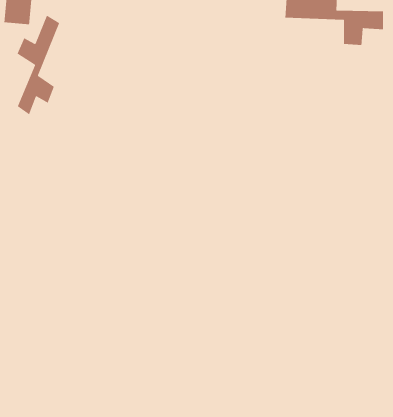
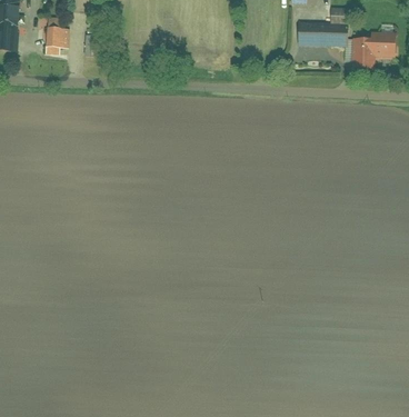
building: [17,14,60,116] -> none

